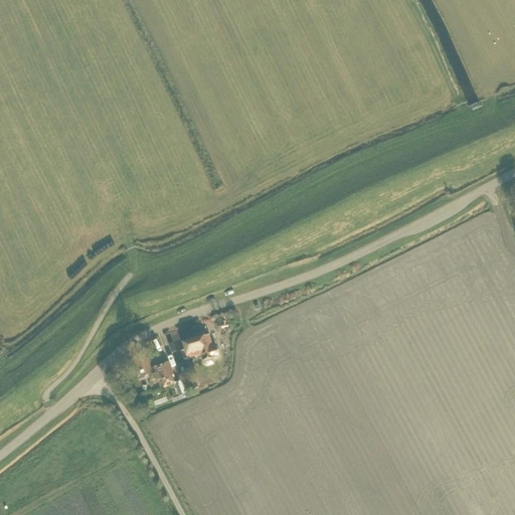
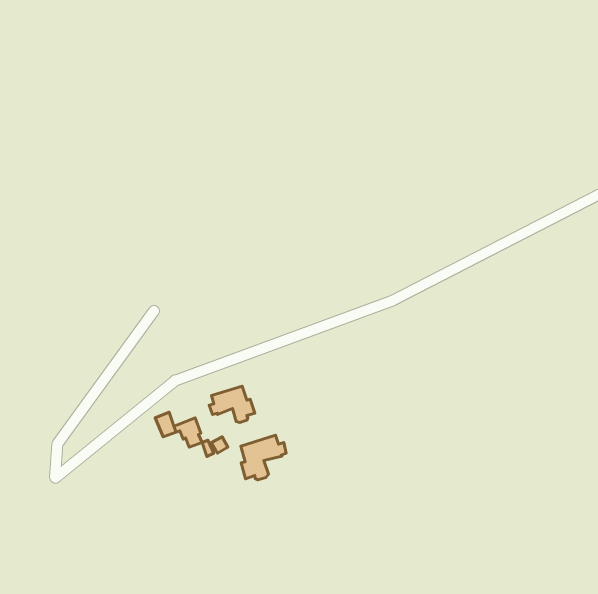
building: none -> [241,435,286,480]

